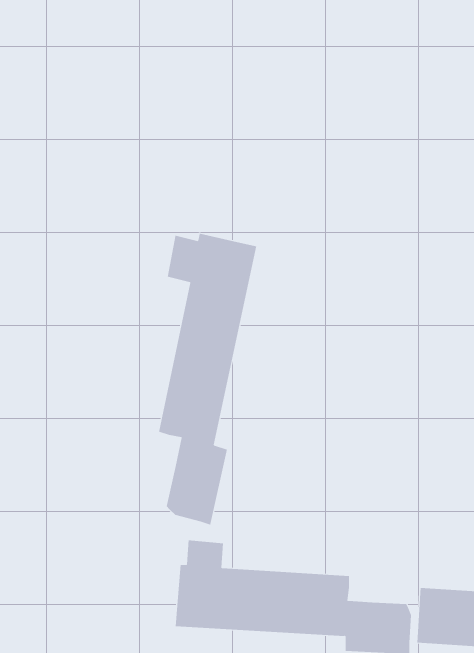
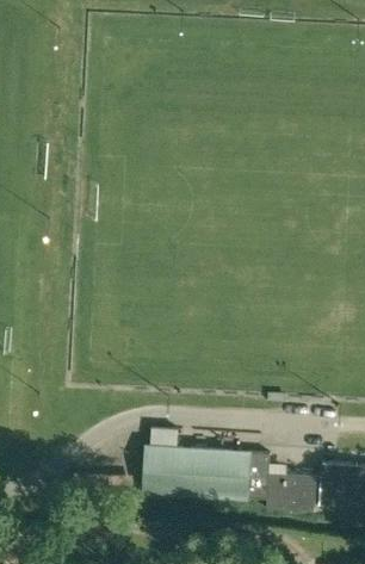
building: [159,233,257,526] -> none

